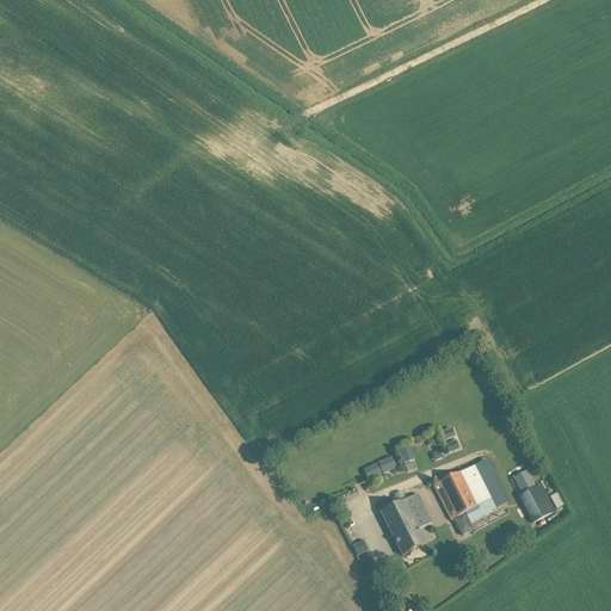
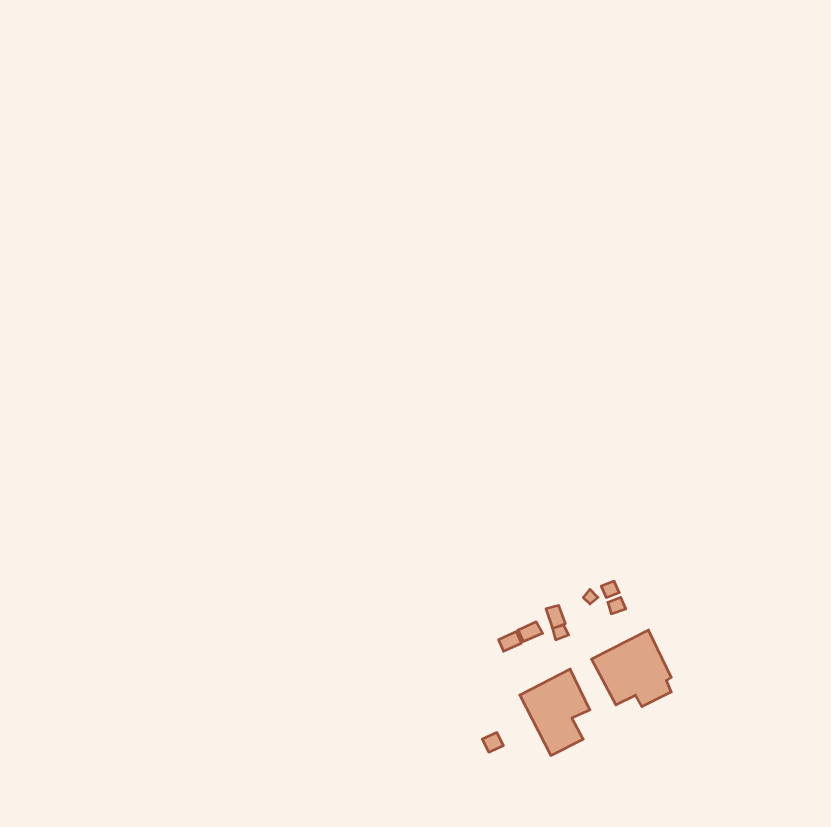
building: [520,485,553,520] -> none

